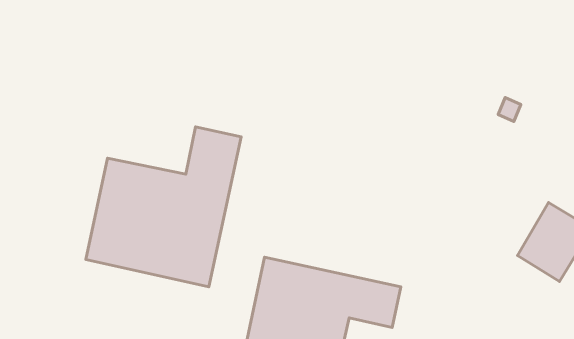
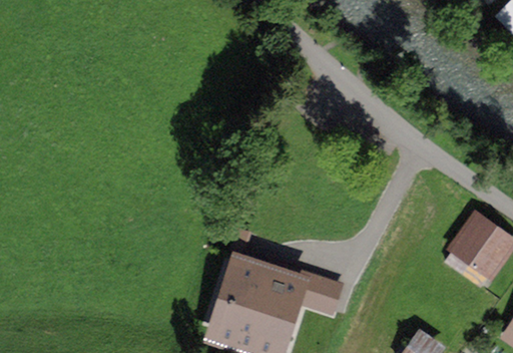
building: [86,127,241,287] -> none

